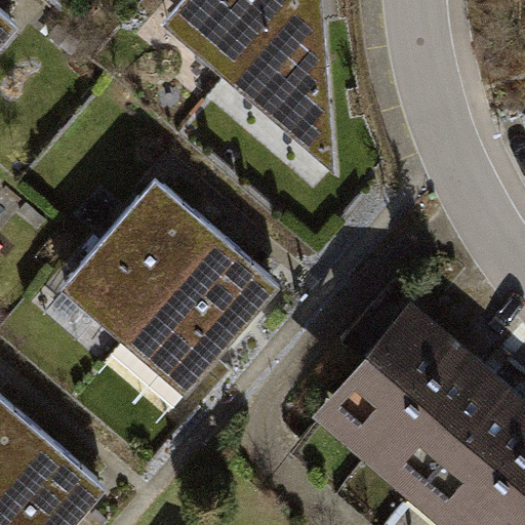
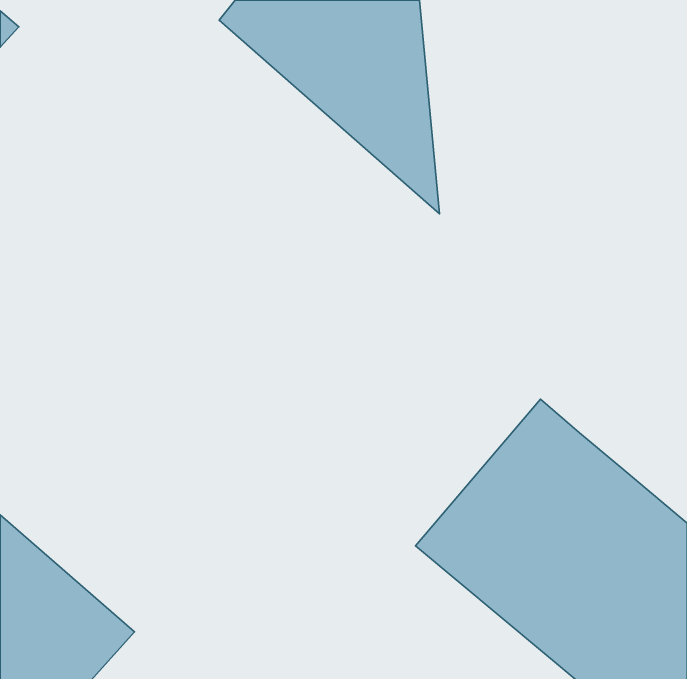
building: [65,181,274,389] -> none

